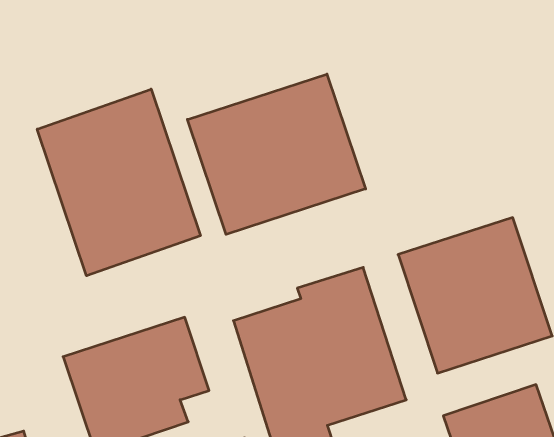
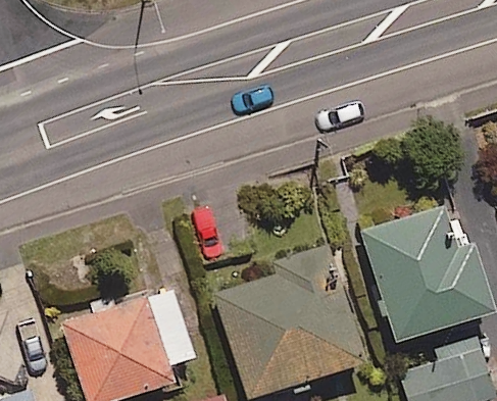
building: [187,74,366,234] -> none
building: [37,89,200,276] -> none

